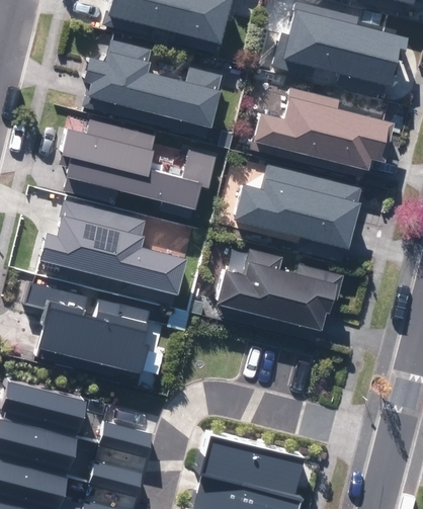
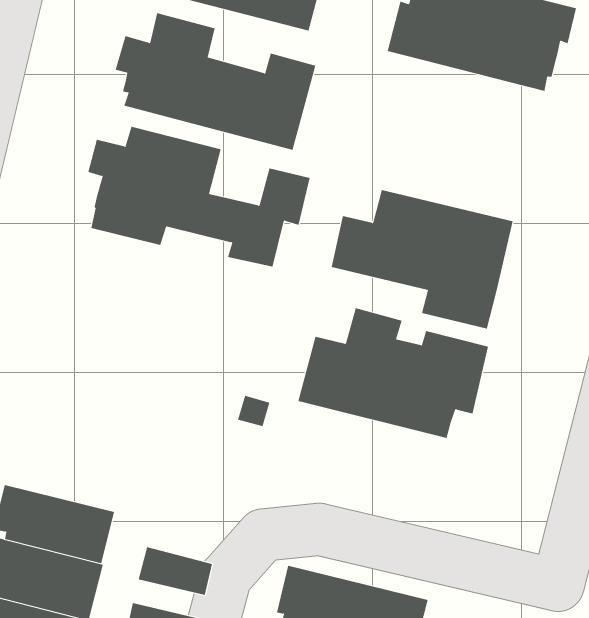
building: [252,87,393,175] -> none
building: [43,197,188,303] -> none
building: [27,278,153,383] -> none

